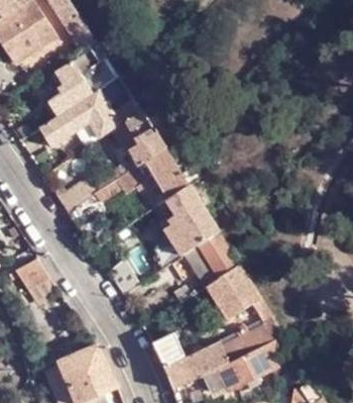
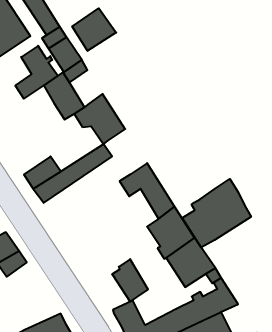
building: none -> [72,8,116,51]
building: [37,102,88,146] -> none
building: [145,148,187,197] -> none
building: none -> [182,179,251,247]
building: [160,212,199,258] -> [112,259,148,302]

